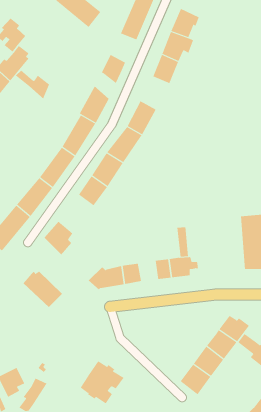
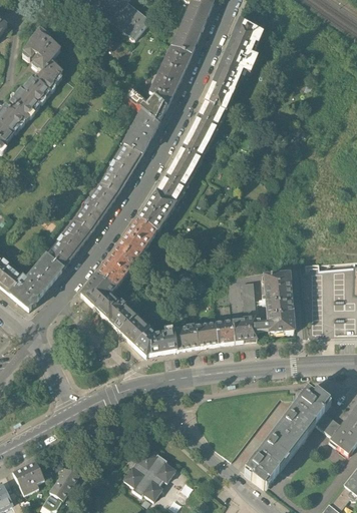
building: none -> [159,45,192,80]
building: [15,70,50,99] -> [124,88,166,124]
building: none -> [196,97,232,137]
building: none -> [96,240,139,288]
building: none -> [261,272,294,333]
building: none -> [194,321,217,346]
building: [23,271,63,308] -> [100,300,149,345]

